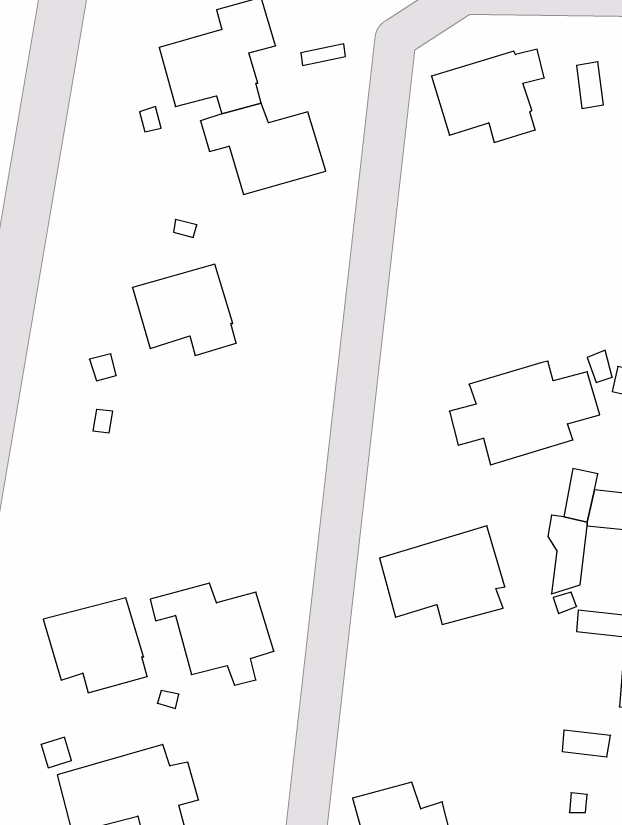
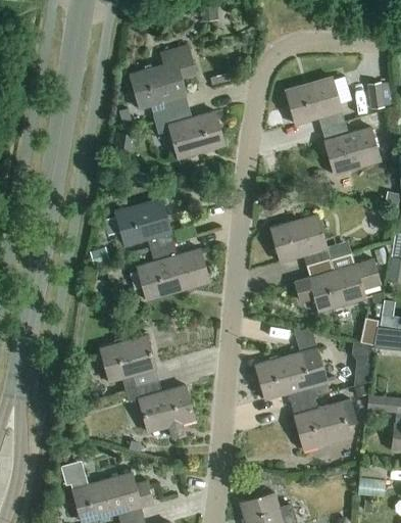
building: none -> [320,122,380,175]
building: none -> [270,215,339,267]
building: none -> [136,243,209,300]
building: [43,598,147,693] -> [99,335,158,389]
building: none -> [291,397,357,449]

